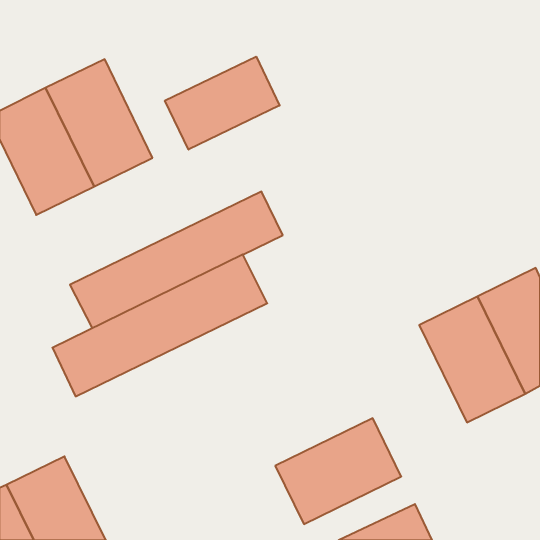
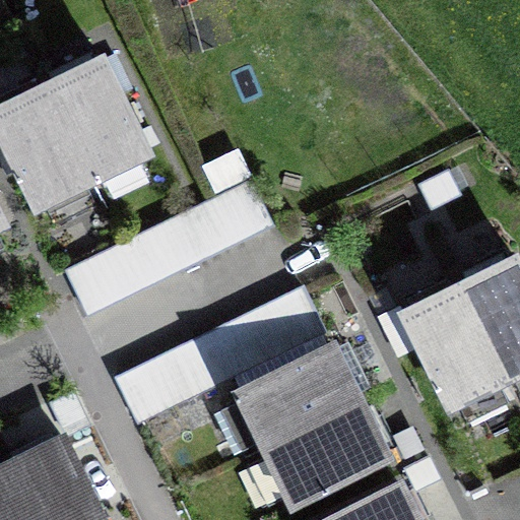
building: [165,57,280,150] -> none
building: [52,254,267,396] -> [122,294,328,430]
building: none -> [237,345,358,447]

